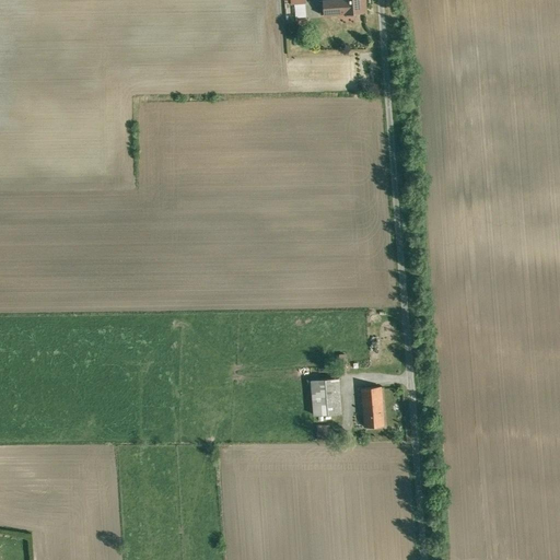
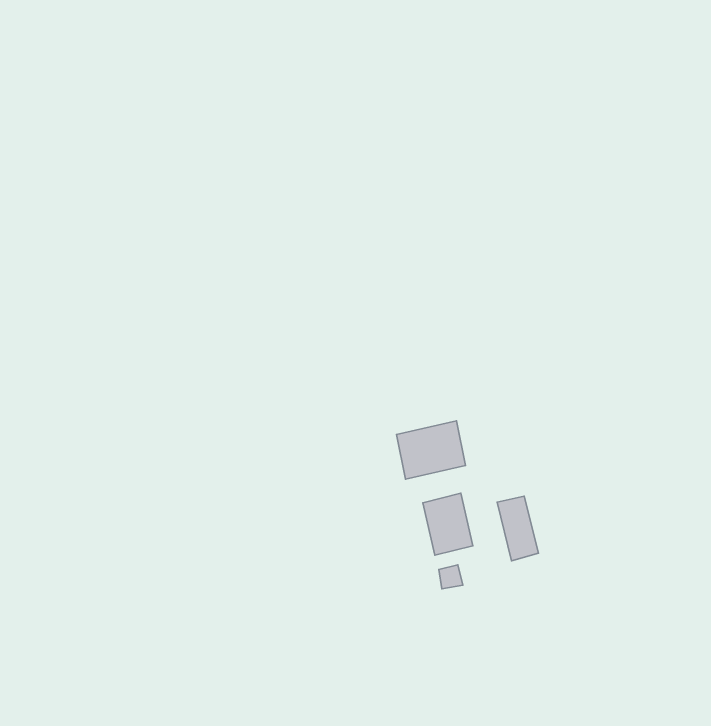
building: none -> [396,421,466,479]

